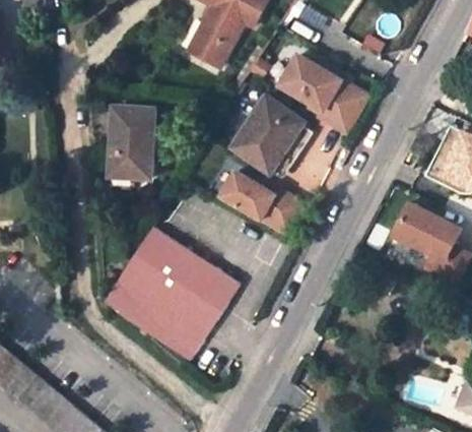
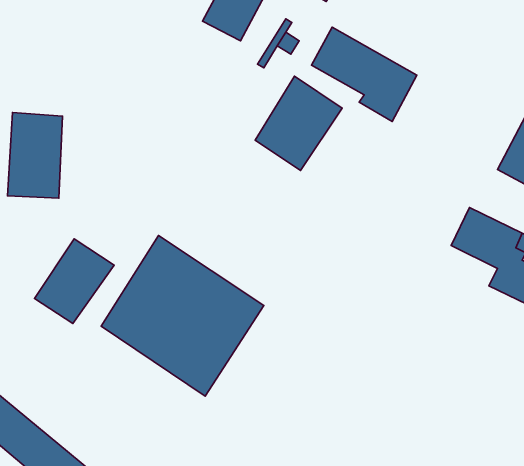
building: [109,107,154,178] -> [8,112,63,198]
building: [218,171,302,237] -> none
building: none -> [35,239,114,324]

